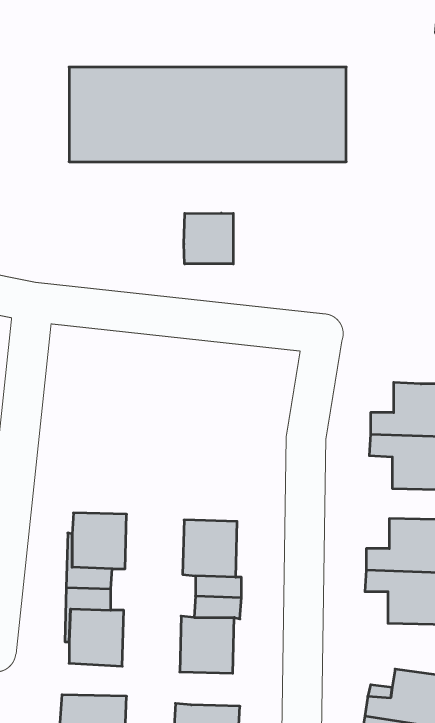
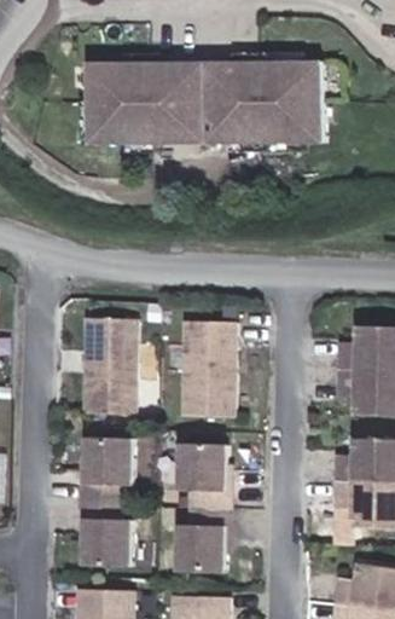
building: [184,213,233,264] -> none
building: none -> [85,314,138,411]
building: none -> [182,319,234,415]

